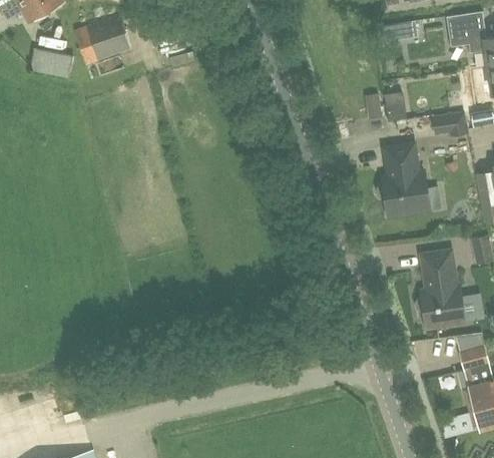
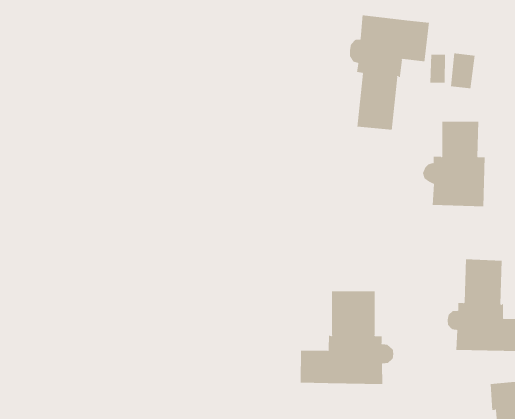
building: none -> [349,14,429,130]
building: none -> [300,290,394,385]

